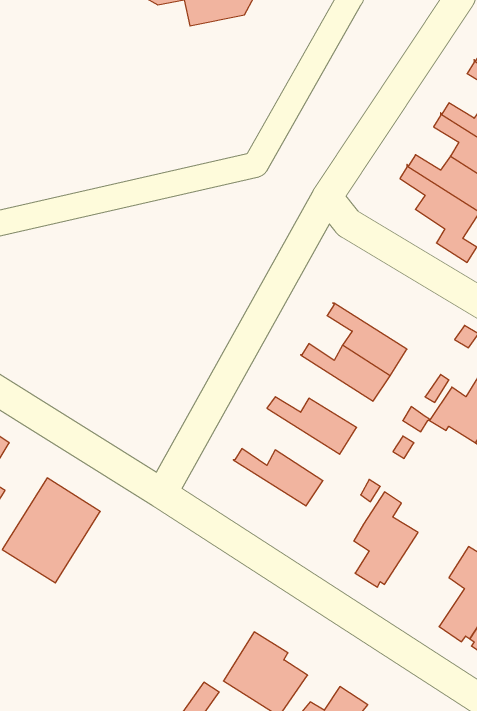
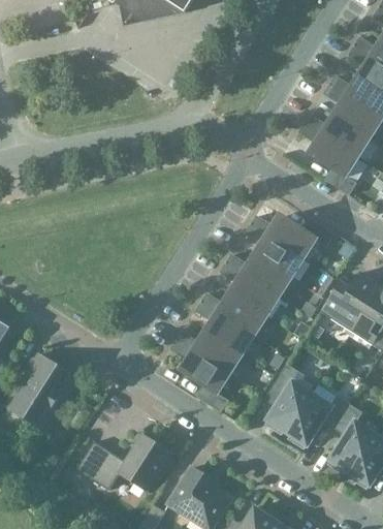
building: none -> [250,216,332,258]
building: none -> [220,262,279,316]
building: none -> [195,302,254,355]
building: none -> [170,340,229,411]
building: none -> [287,384,349,448]
building: none -> [76,435,170,490]

